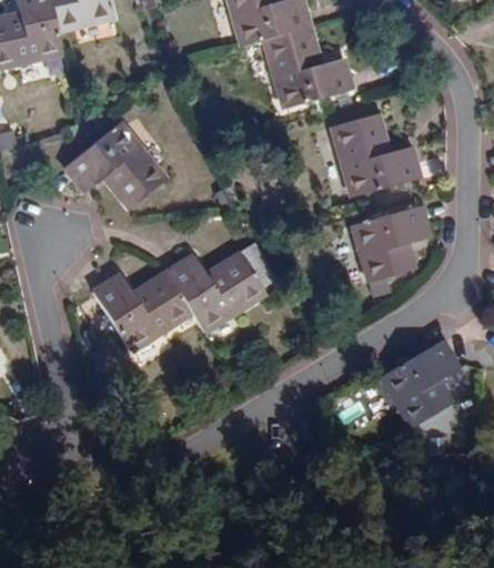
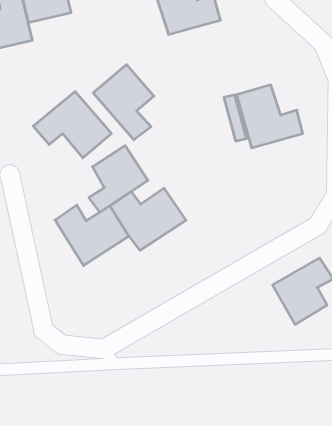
building: [263,28,354,109] -> none
building: none -> [93,65,154,140]
building: none -> [89,146,148,212]
building: [354,205,431,282] -> none

